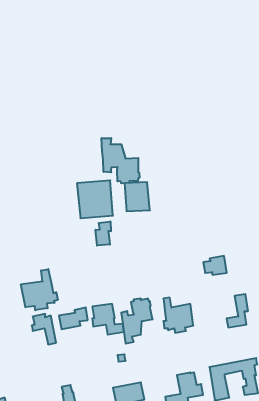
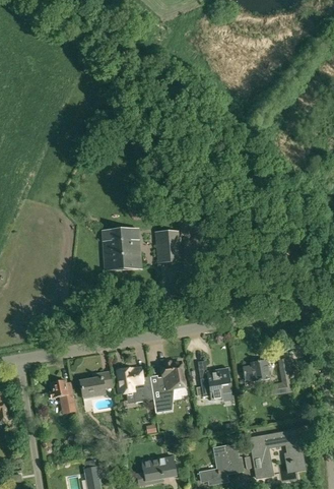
building: [102,138,139,183] -> none
building: [96,221,111,246] -> none
building: [203,256,227,275] -> [243,360,269,381]
building: [21,269,58,310] -> none

